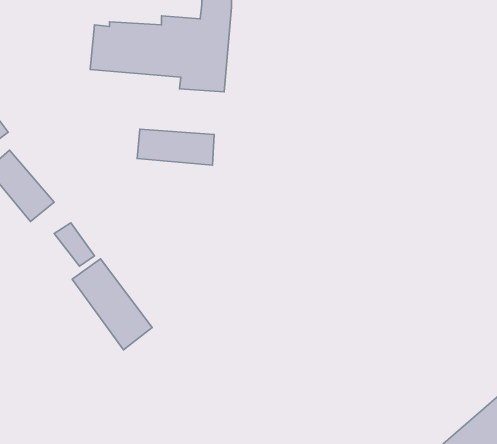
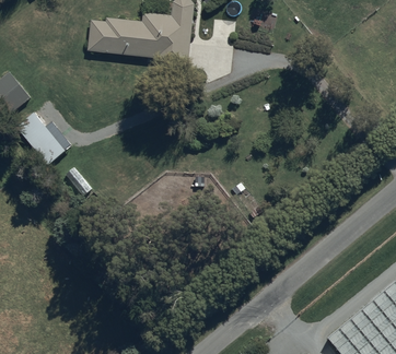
building: [137,129,214,165] -> none
building: [72,259,152,350] -> none

